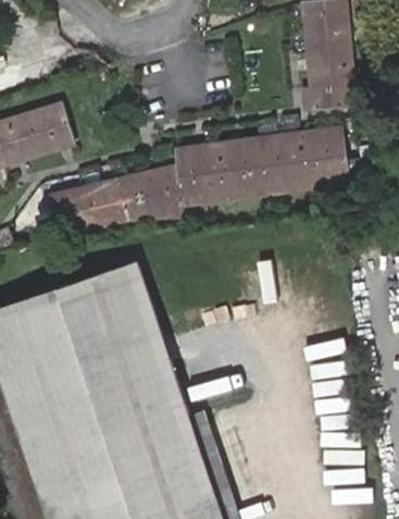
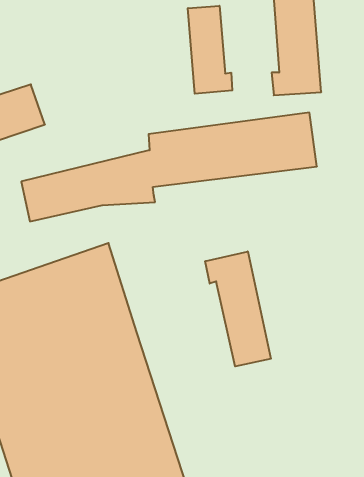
building: none -> [188,6,232,94]
building: none -> [205,251,271,366]

